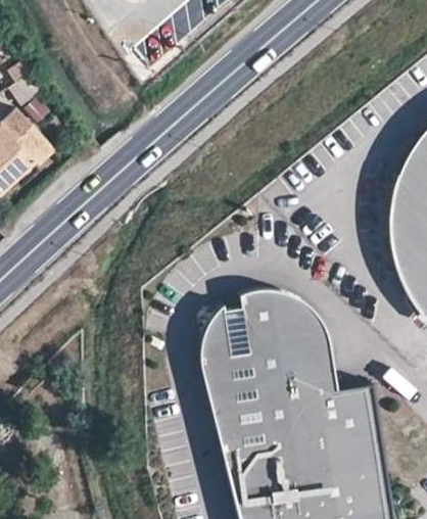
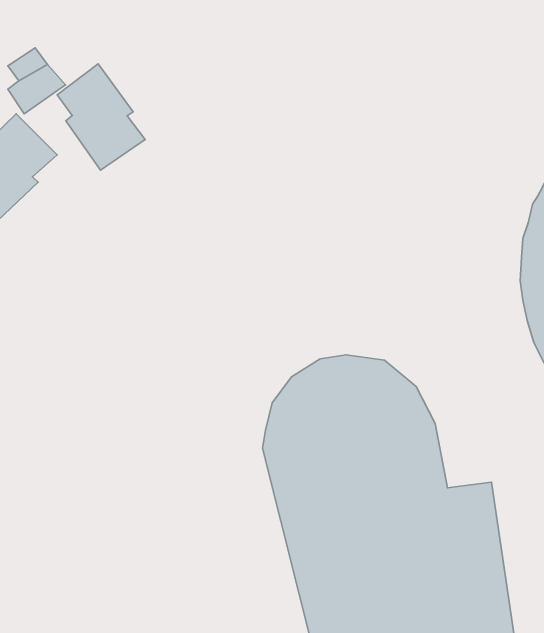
building: none -> [57,64,145,170]

